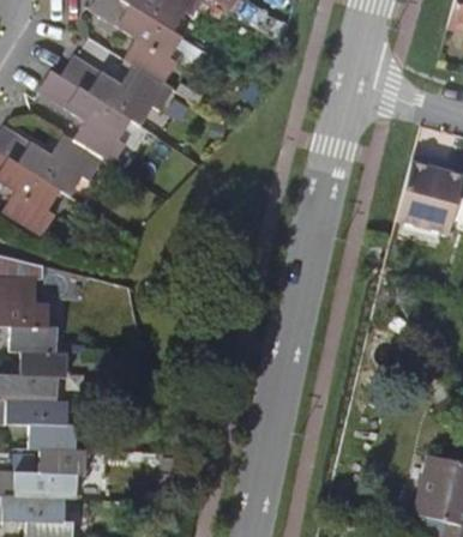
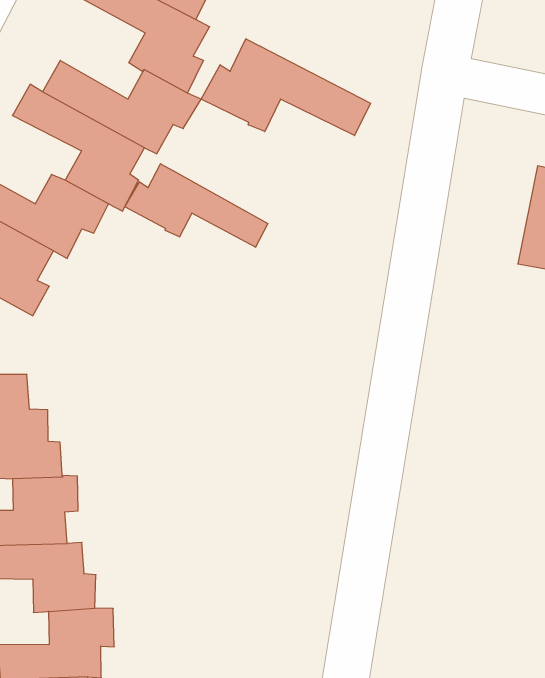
building: none -> [201,39,370,136]
building: none -> [125,164,268,247]

